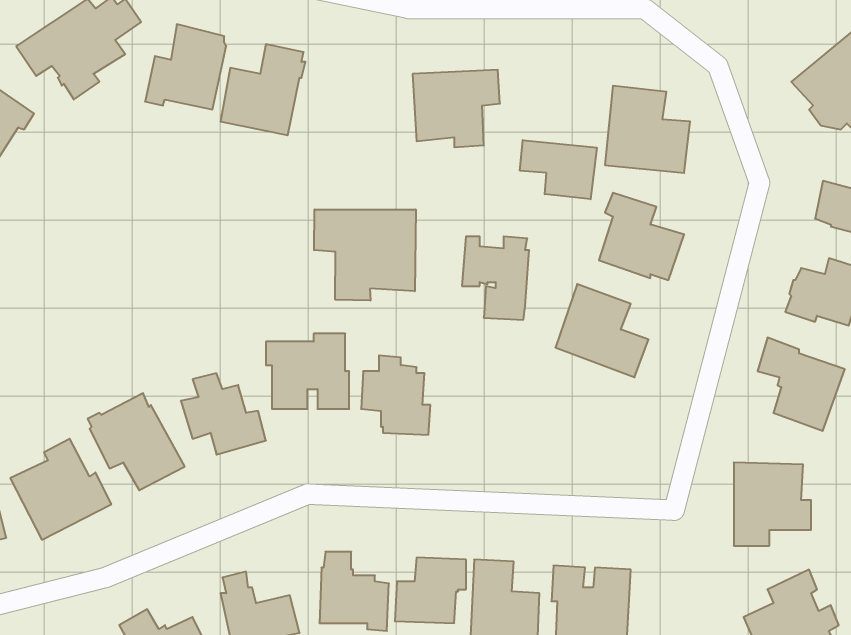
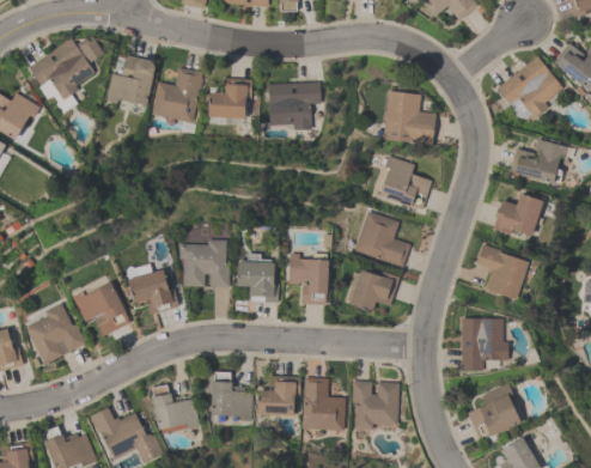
building: none -> [208,78,252,117]
building: [520,140,597,199] -> none
building: [314,209,416,301] -> none
building: [462,236,529,320] -> [288,254,329,304]
building: none -> [349,271,400,312]

